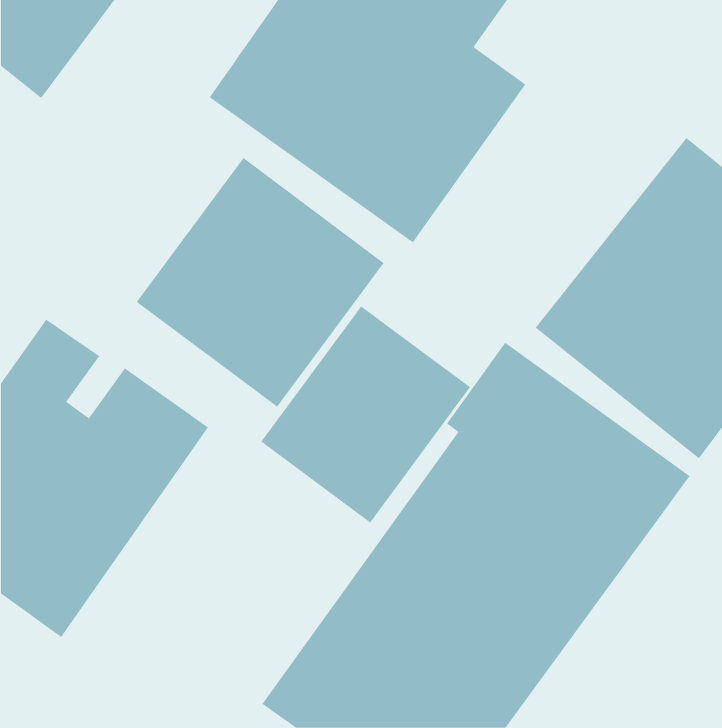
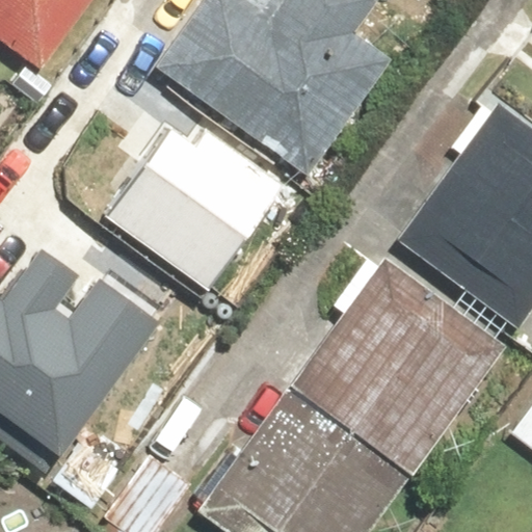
building: [260,305,471,523] -> none

